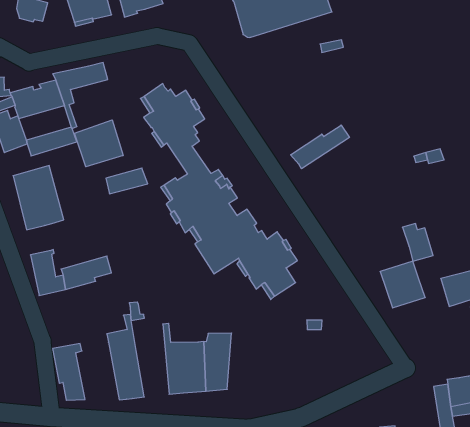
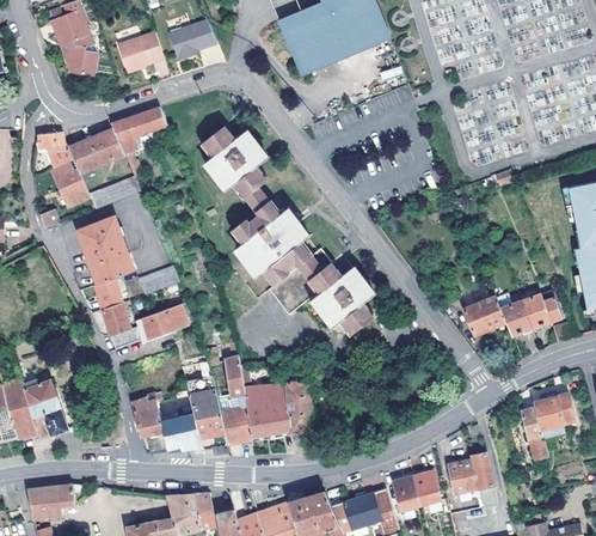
building: [75,120,123,167] -> none
building: [291,125,349,169] -> none
building: [106,168,148,194] -> [136,267,179,296]
building: [402,224,433,261] -> [497,297,530,335]
building: none -> [94,278,122,309]
building: none -> [216,357,253,444]
building: none -> [155,391,203,451]

